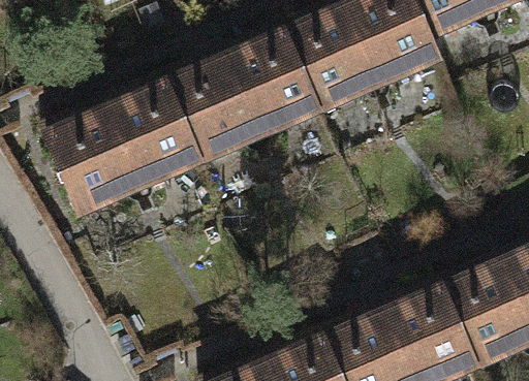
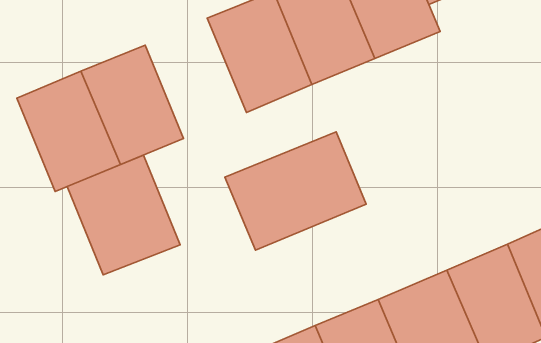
building: [163,51,256,161] -> none
building: none -> [225,132,366,250]
building: none -> [67,155,180,275]

